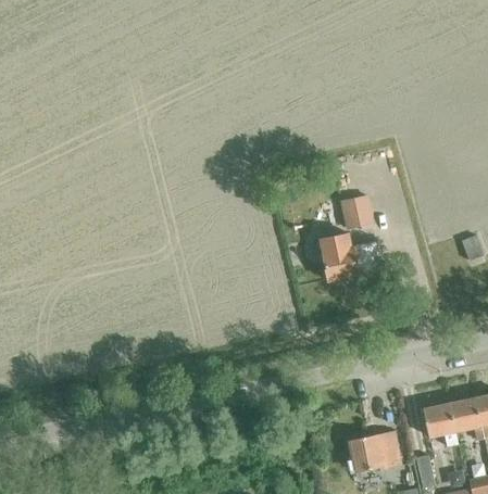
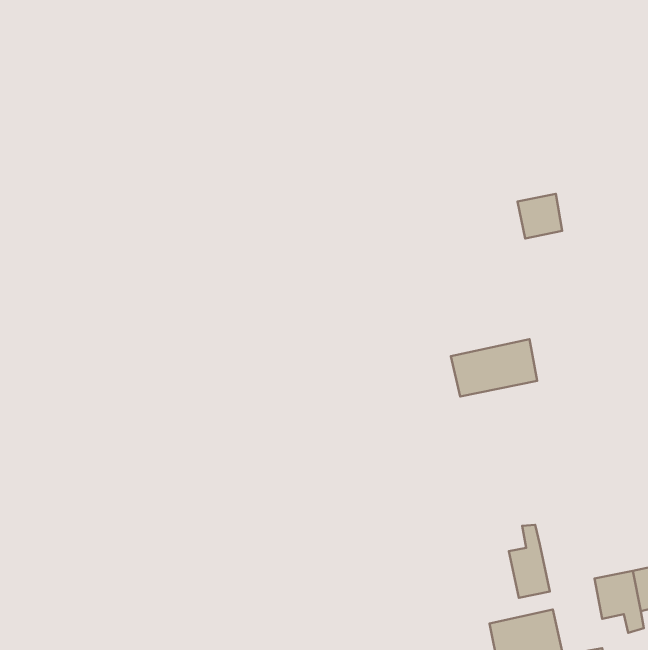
building: [341,197,373,228] -> [517,194,562,239]
building: none -> [509,525,550,598]

